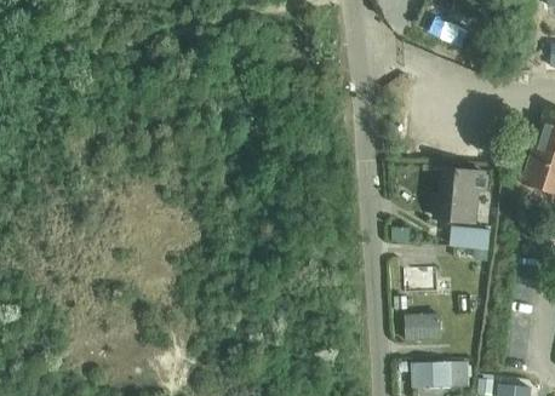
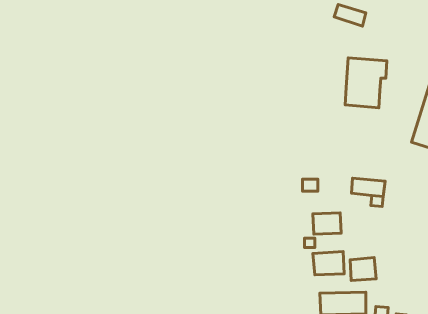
building: [435,163,485,223] -> [345,58,387,108]
building: none -> [350,257,376,280]

